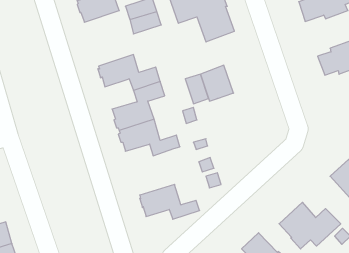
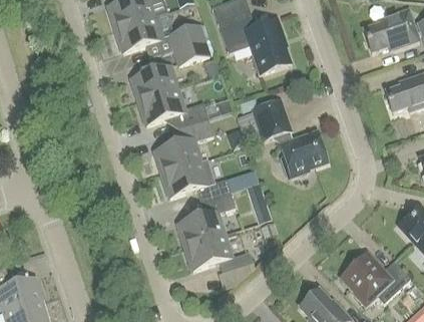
building: none -> [131,65,178,101]
building: none -> [273,131,328,175]
building: none -> [177,192,236,246]

